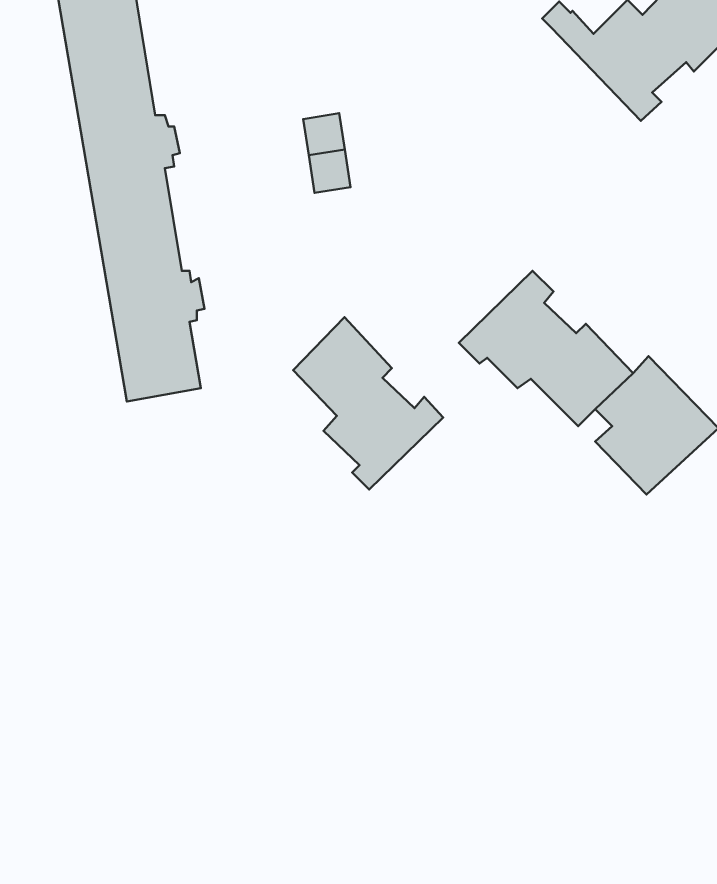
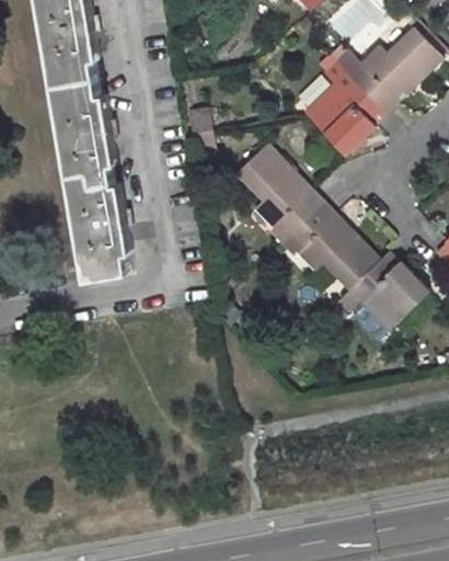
building: none -> [304,61,383,156]
building: [293,317,443,490] -> [234,144,321,243]

